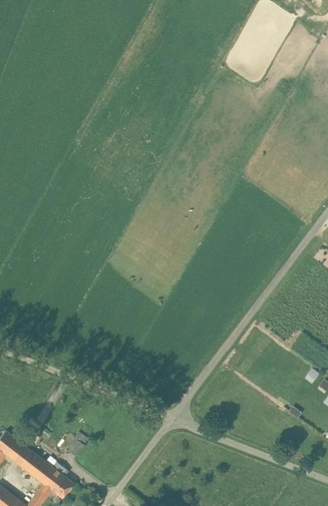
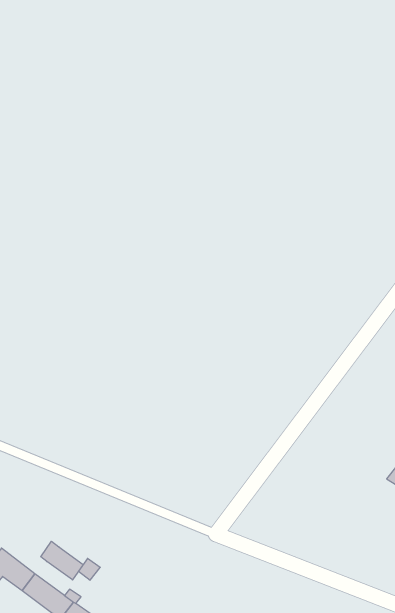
building: none -> [41,541,83,580]

